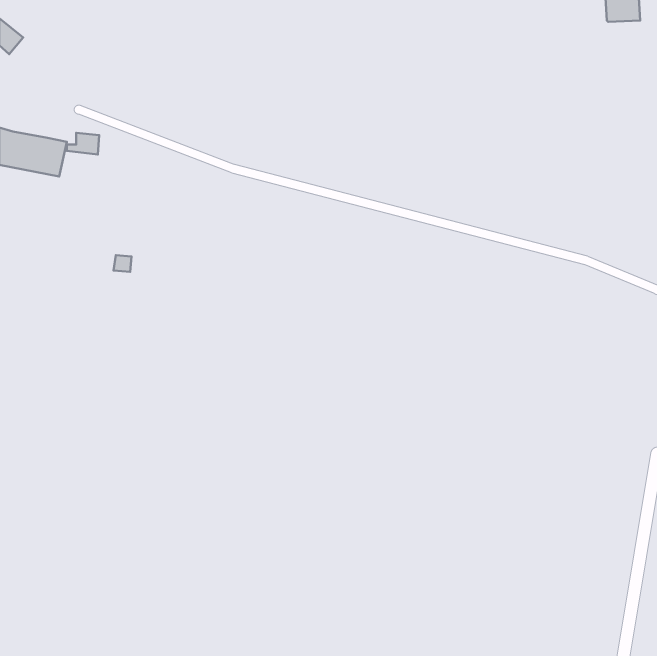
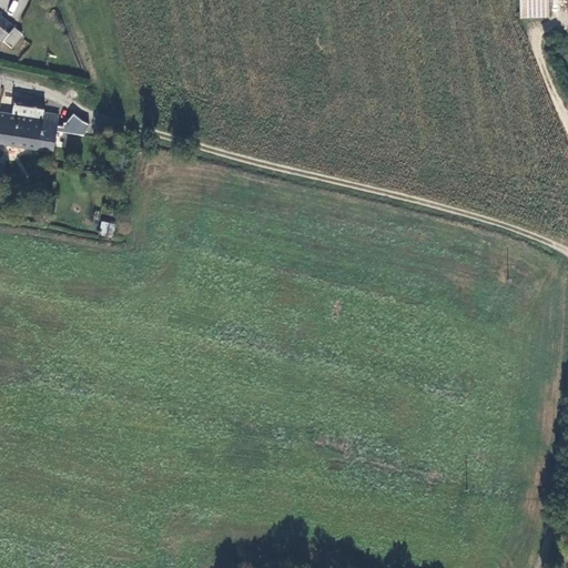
building: none -> [11,98,59,122]

